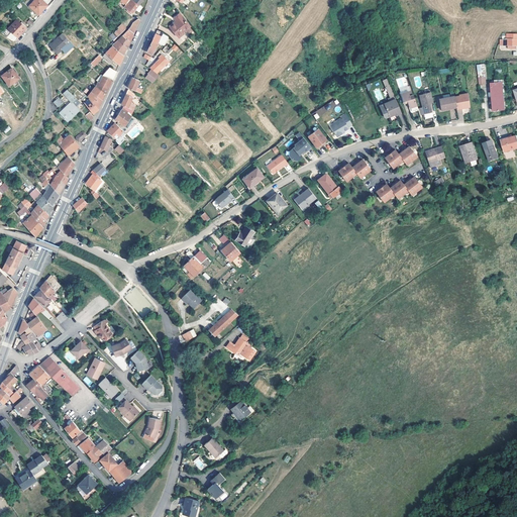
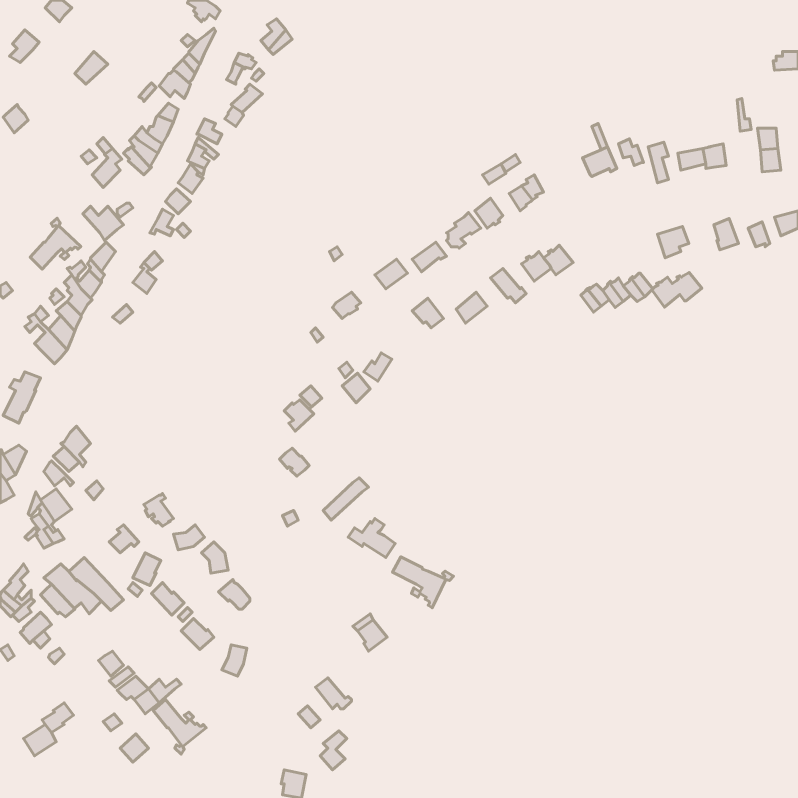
building: none -> [30,218,81,269]
building: [385,146,417,169] -> [652,273,702,307]
building: none -> [393,557,453,608]

